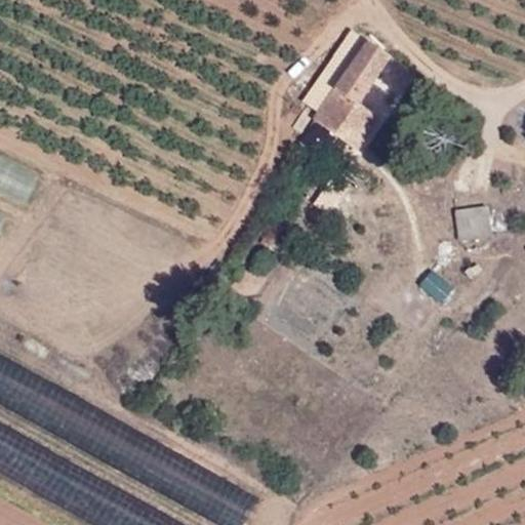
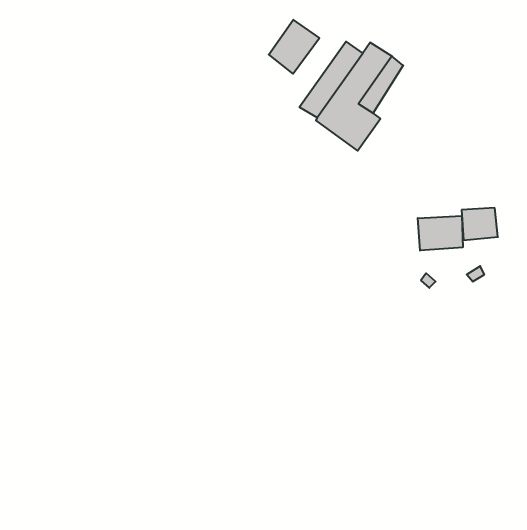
building: none -> [269,20,319,74]
building: none -> [418,216,463,251]

